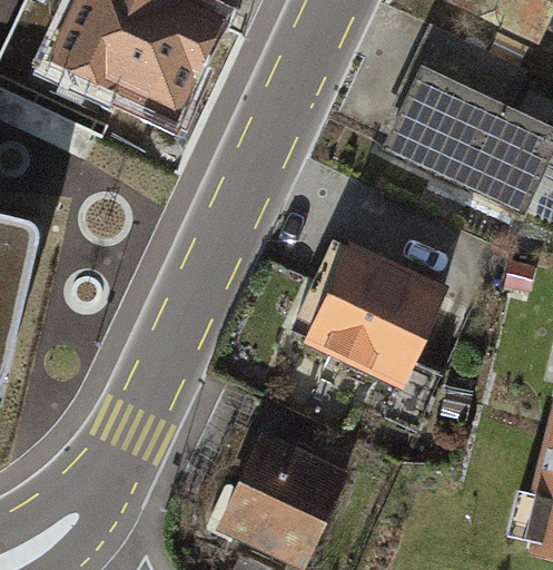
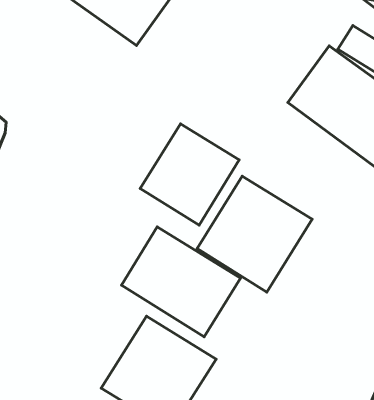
building: none -> [140,124,239,225]
building: none -> [121,227,241,337]

